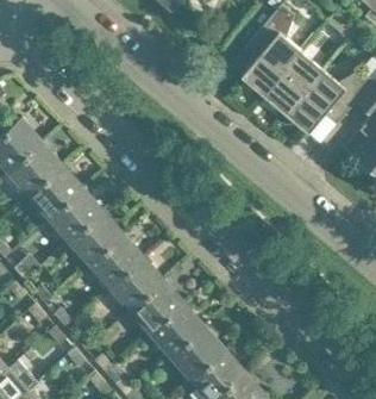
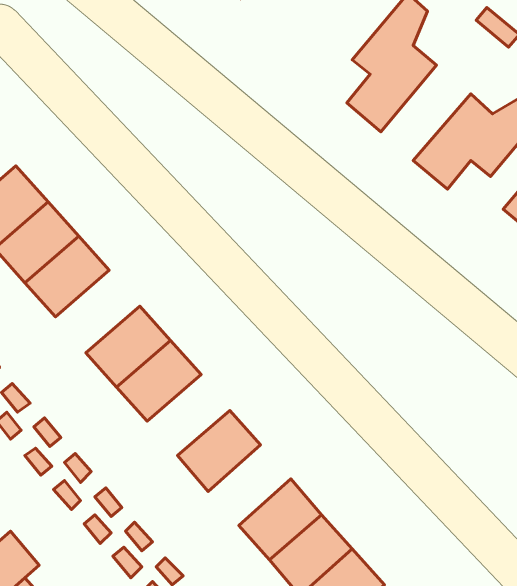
building: [263,51,322,114] -> none
building: [48,187,104,242] -> none
building: [108,256,163,310] -> none
building: [149,303,203,356] -> none

